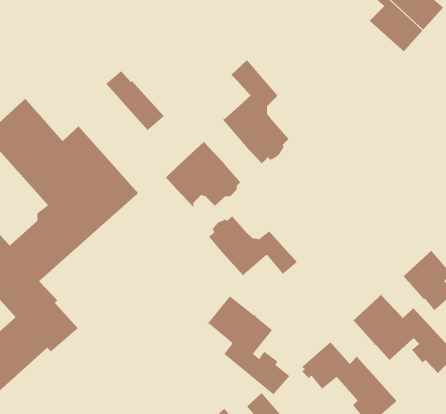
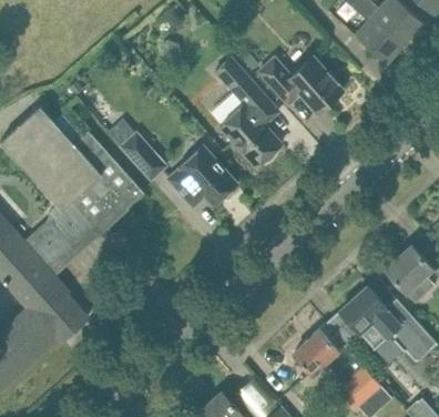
building: none -> [258,57,344,113]
building: [105,70,164,131] -> [112,124,166,180]
building: [208,216,298,277] -> none
building: [206,295,290,396] -> none

